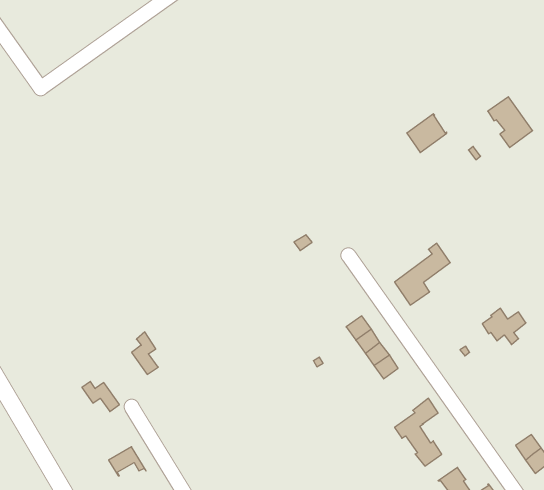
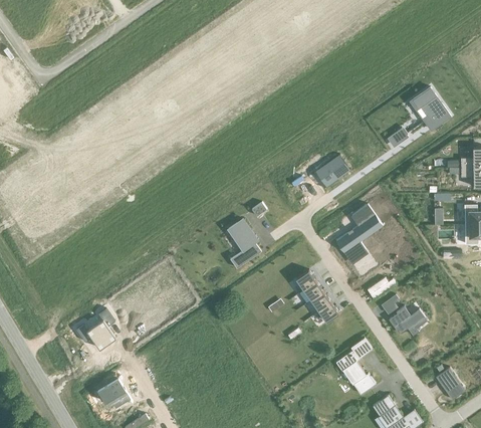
building: [407,114,447,153] -> [316,155,349,187]
building: none -> [228,219,261,268]
building: [482,308,526,345] -> [389,306,425,337]
building: [132,332,158,374] -> [94,308,116,344]

